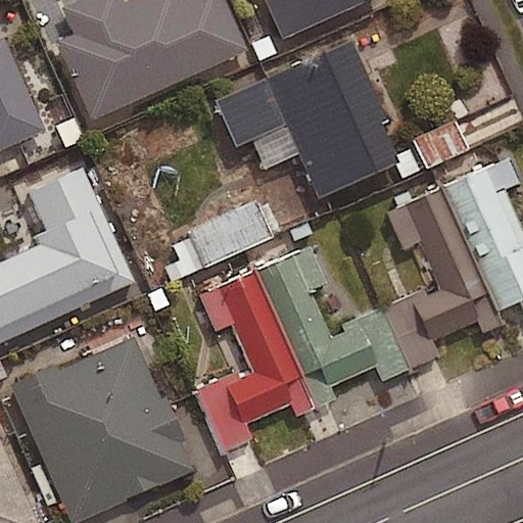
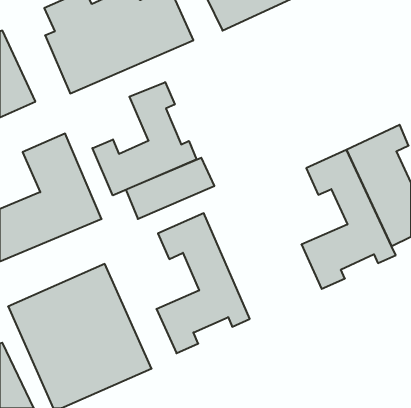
building: [217,44,400,199] -> none
building: none -> [92,82,196,195]
building: [258,246,408,405] -> none

